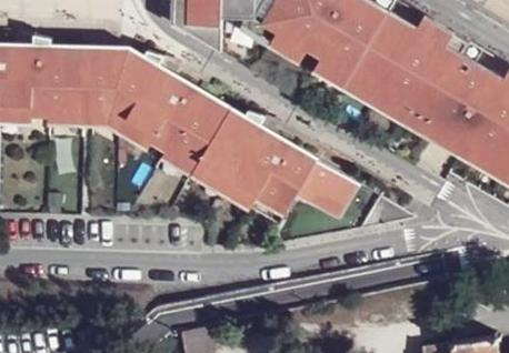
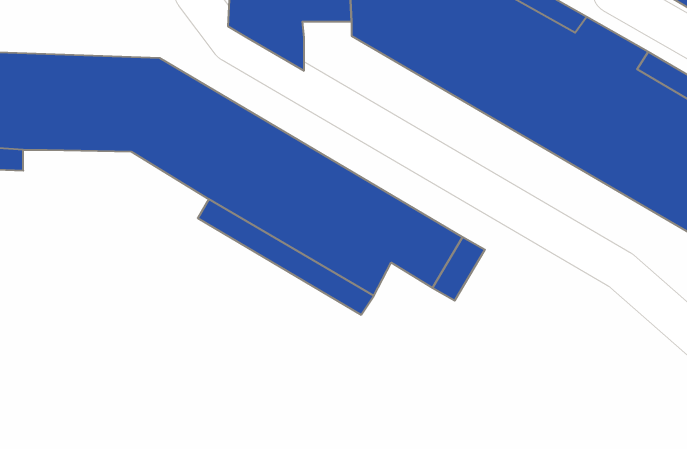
building: [47,112,146,151] -> none

